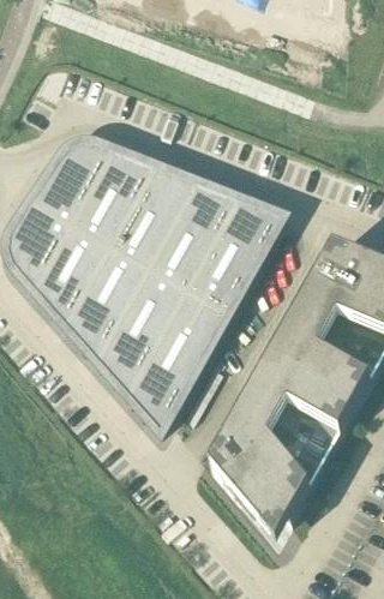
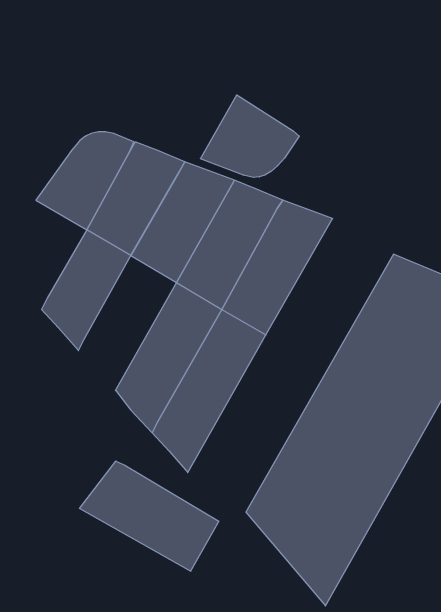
building: none -> [200,95,299,177]
building: [7,196,76,288] -> none
building: [68,242,151,357] -> none
building: none -> [80,461,219,571]

